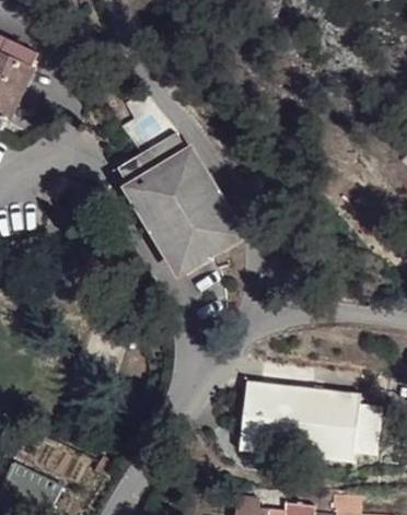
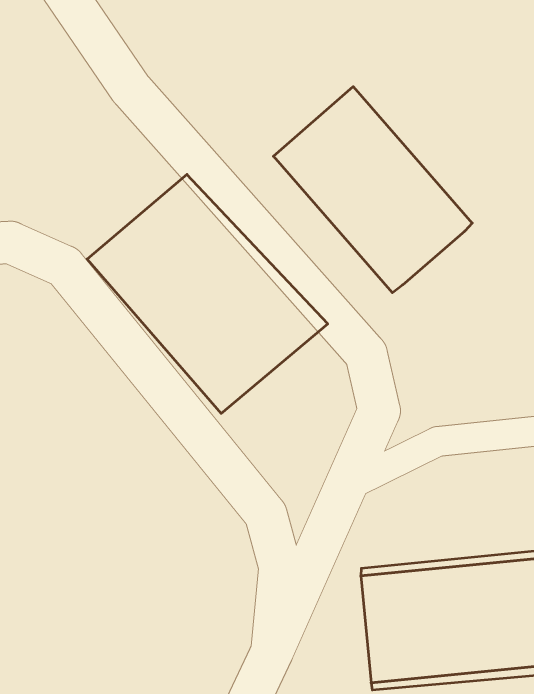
building: none -> [273,87,472,293]

